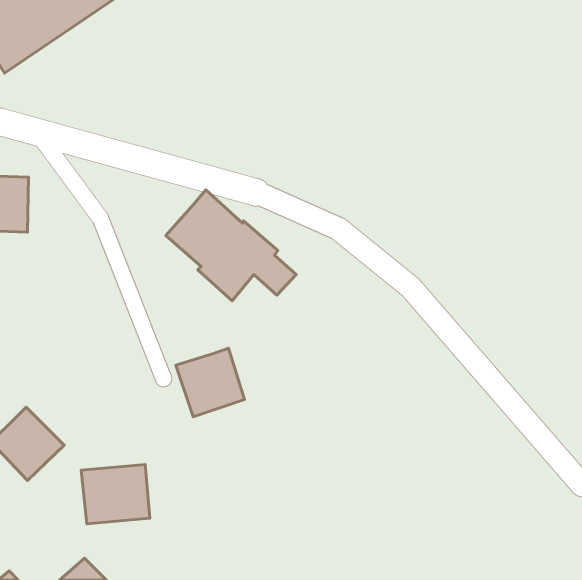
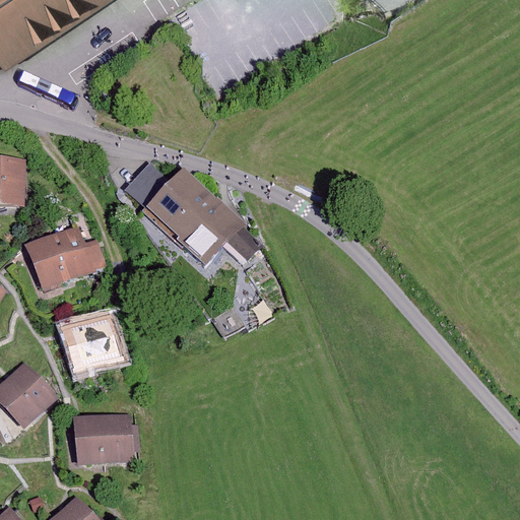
building: none -> [125,162,172,209]
building: none -> [23,224,106,290]
building: [176,348,244,417] -> [61,313,122,374]

